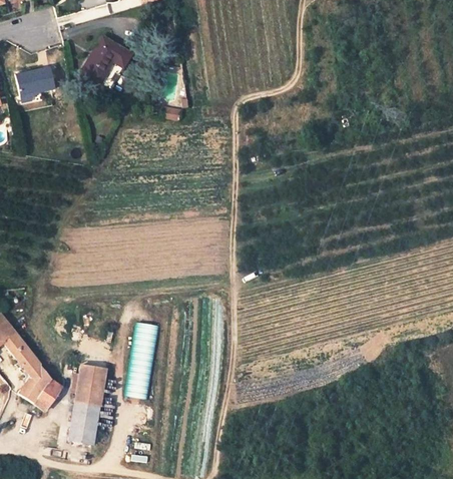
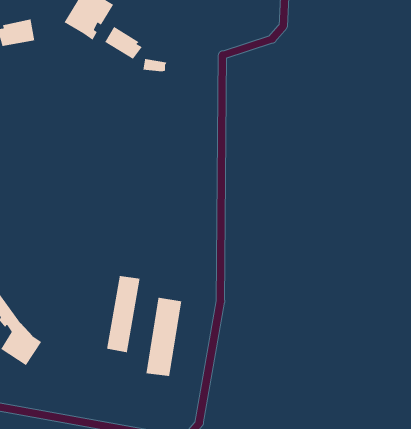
building: none -> [104,26,143,60]
building: [69,364,105,443] -> [146,297,182,377]

